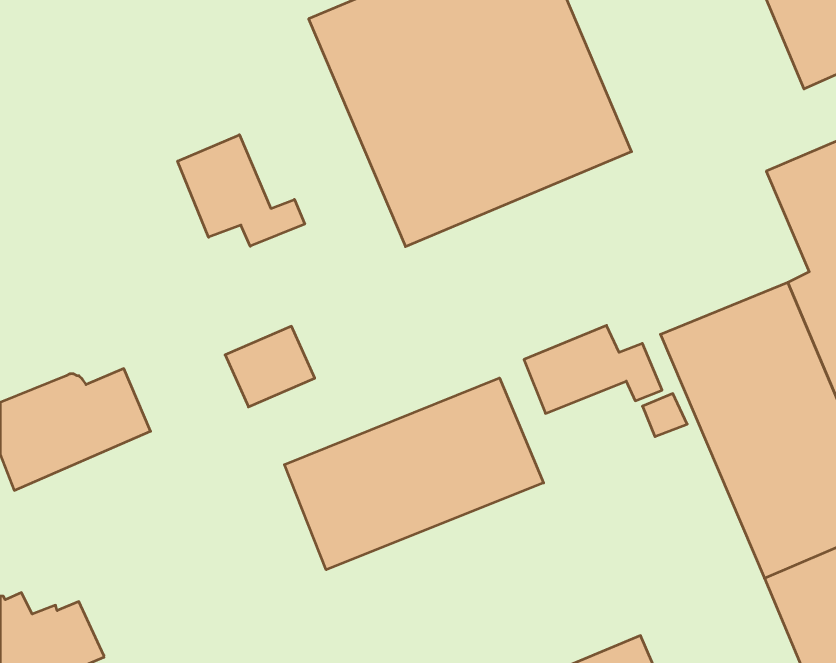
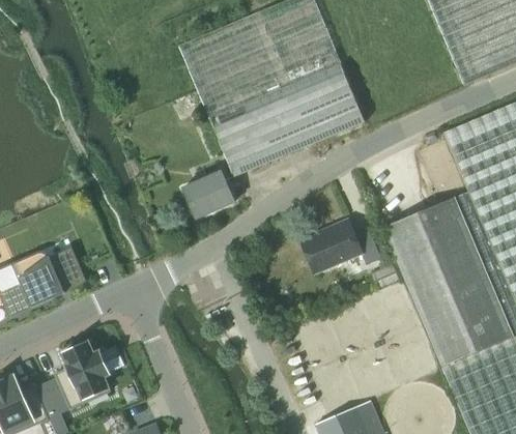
building: [178,135,305,246] -> none
building: [225,326,315,407] -> [183,172,235,219]
building: [284,378,544,570] -> none
building: none -> [46,342,110,412]

